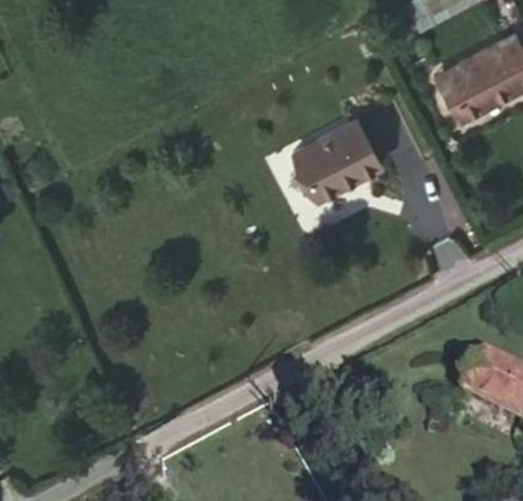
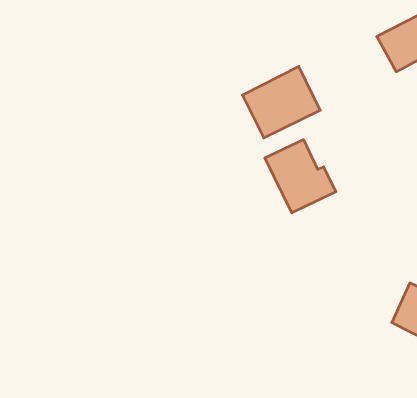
building: none -> [265,140,336,213]

